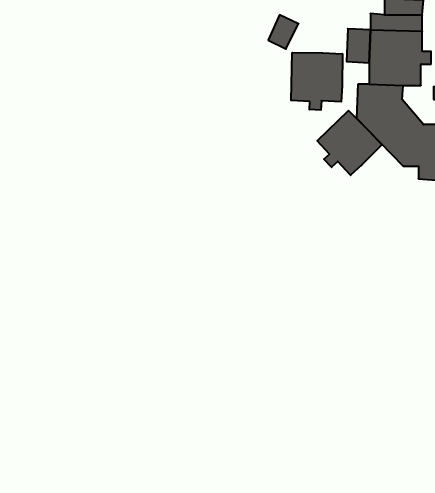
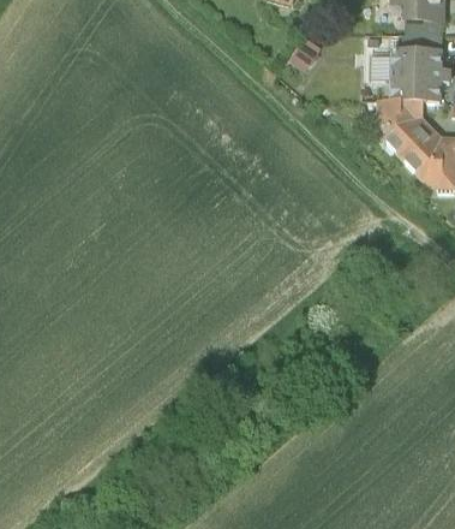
building: [291,53,342,110] -> none
building: [317,111,382,175] -> none

